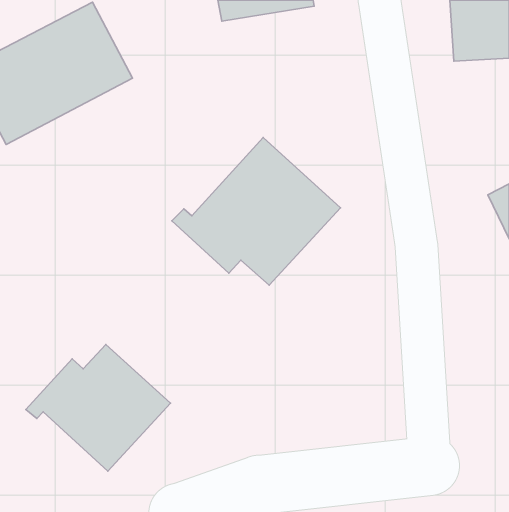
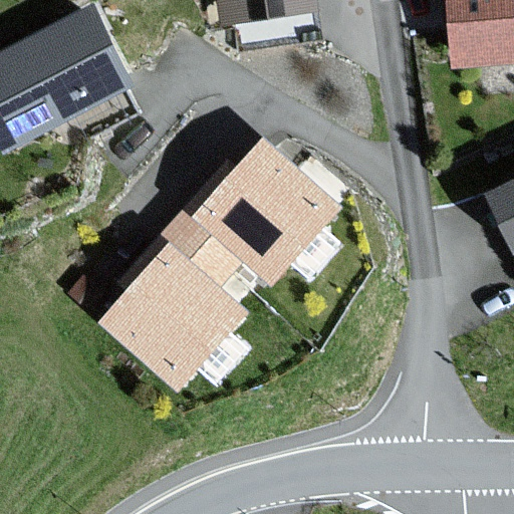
building: none -> [99,222,245,390]
building: [26,345,170,471] -> none

